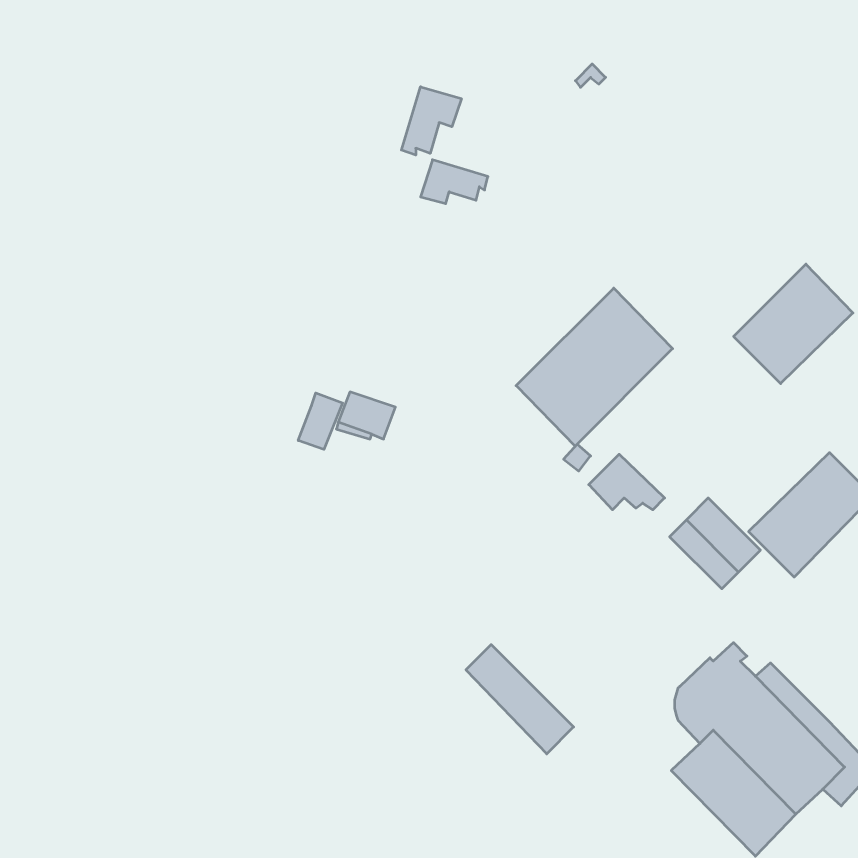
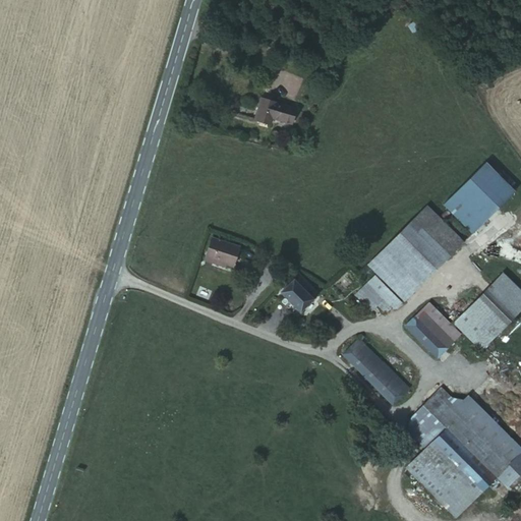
building: [401,87,461,155] -> none
building: [516,288,673,446] -> [369,205,464,300]
building: [298,393,343,449] -> none
building: none -> [282,274,319,311]
building: [466,645,574,754] -> [344,338,409,404]

